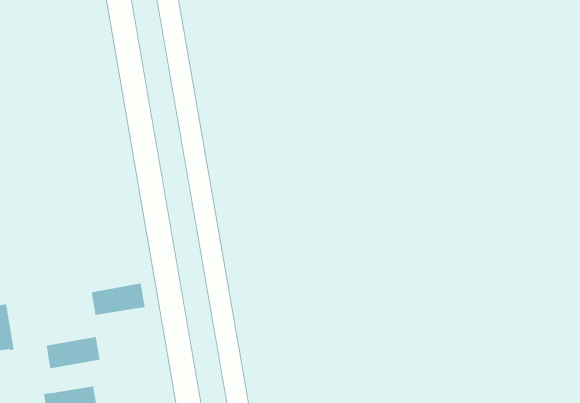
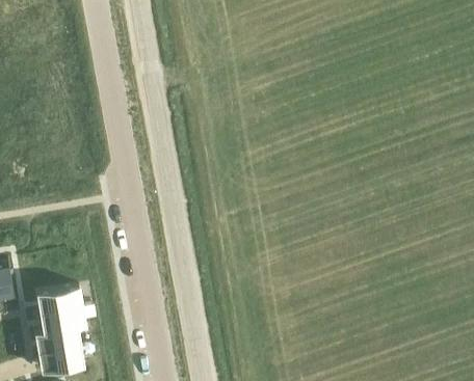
building: [91,283,146,315] -> [42,308,85,334]

